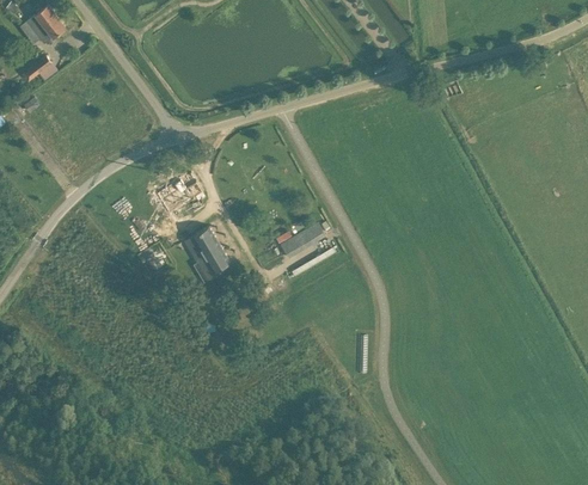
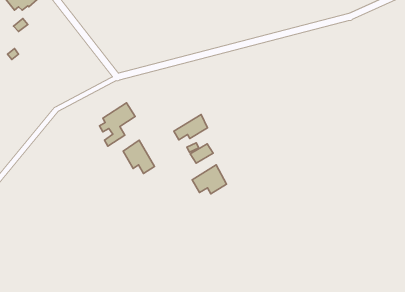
building: none -> [174,115,208,140]
building: none -> [192,165,227,194]

